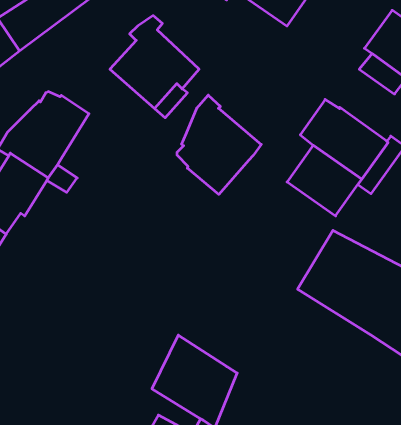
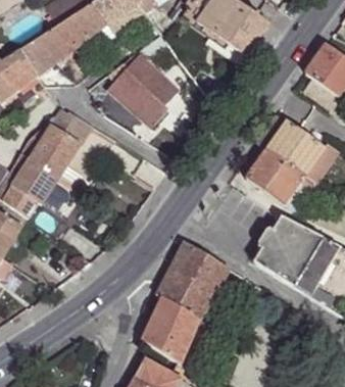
building: [177,95,261,194] -> none
building: none -> [155,240,231,322]

